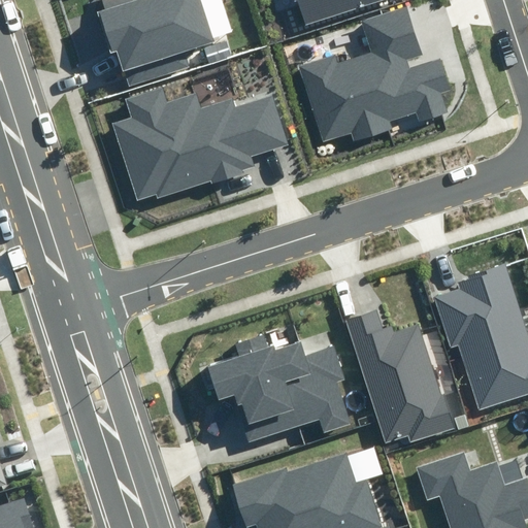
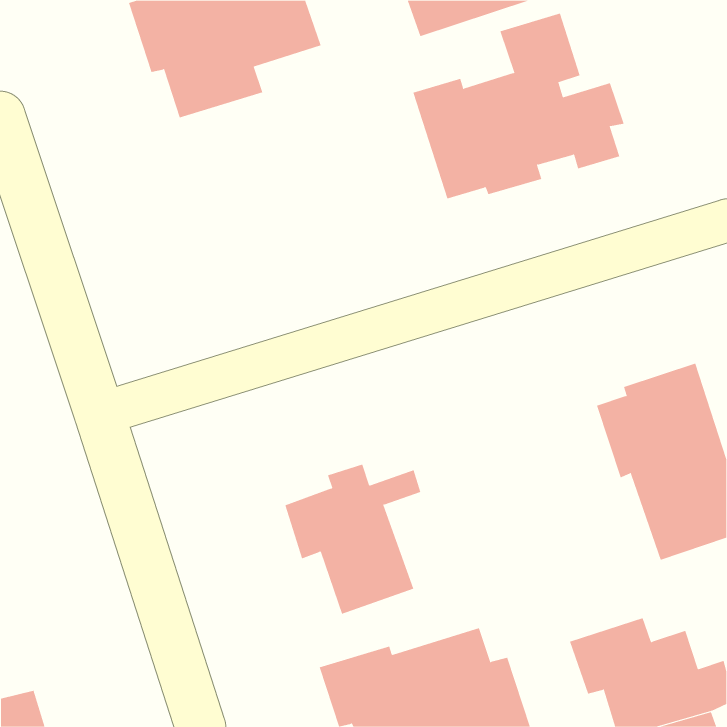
building: [111,89,287,202] -> none
building: [346,309,458,443] -> none
building: [278,346,351,433] -> none

